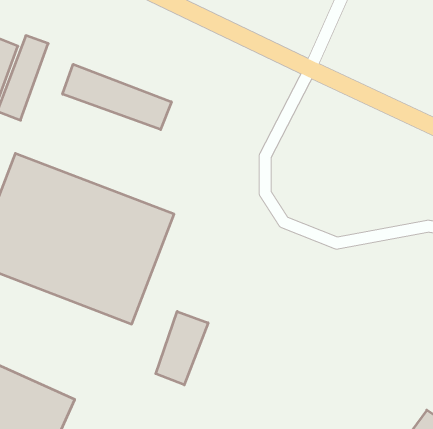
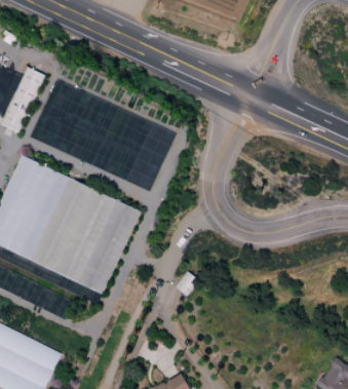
building: [63,64,171,130] -> none
building: [156,311,208,385] -> none

